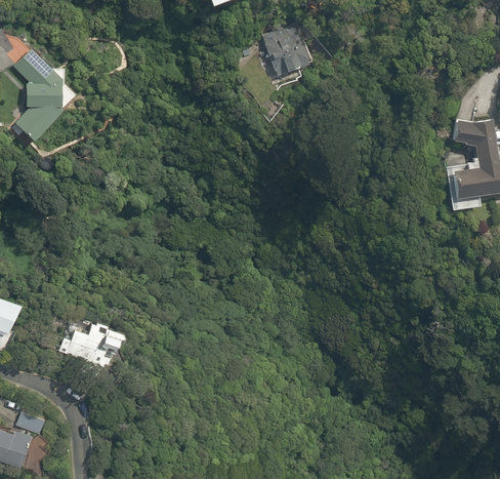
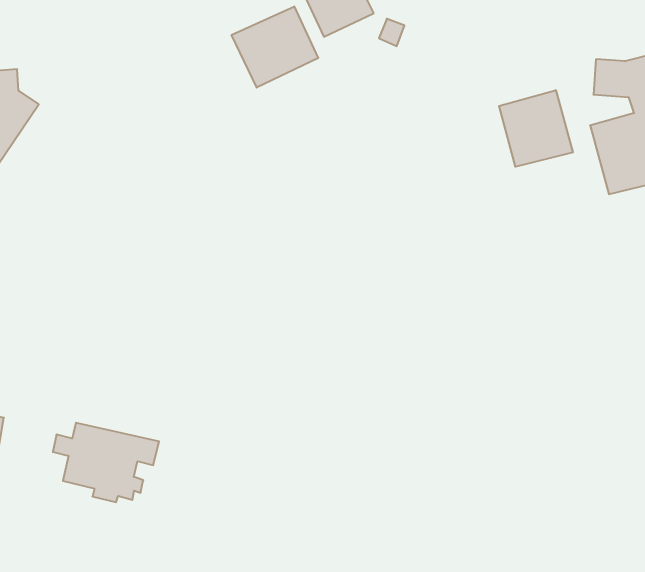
building: none -> [232,6,318,88]
building: none -> [499,90,573,167]

